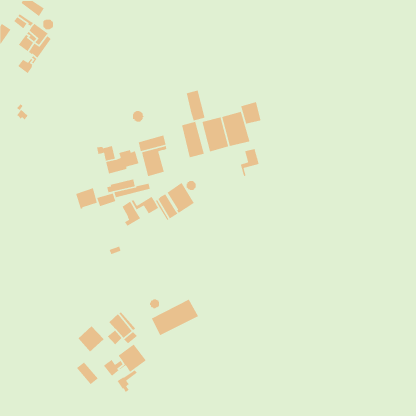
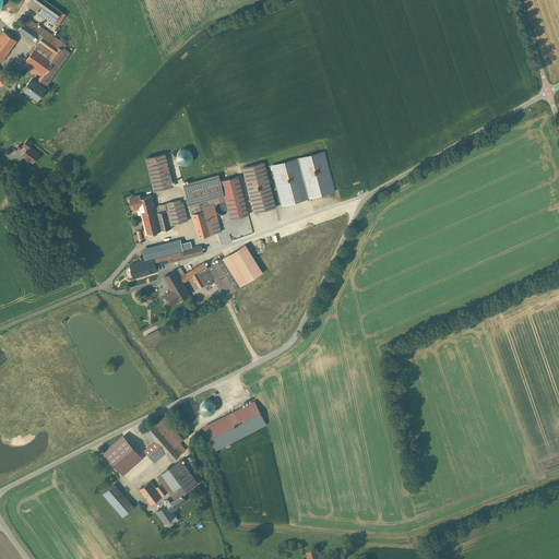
building: [186,90,205,121] -> [221,177,247,219]
building: [240,101,261,125] -> none
building: none -> [145,154,173,191]
building: [240,148,260,177] -> none
building: [75,187,98,210] -> none

